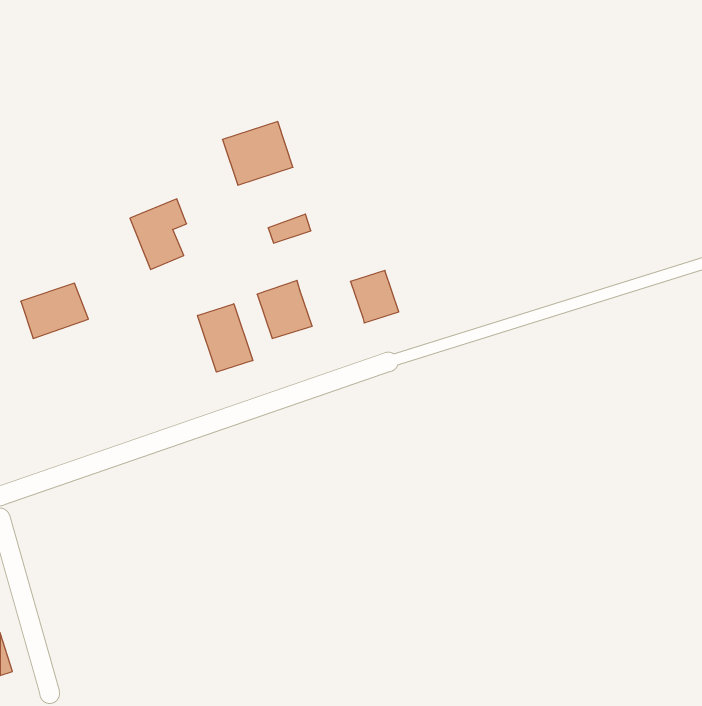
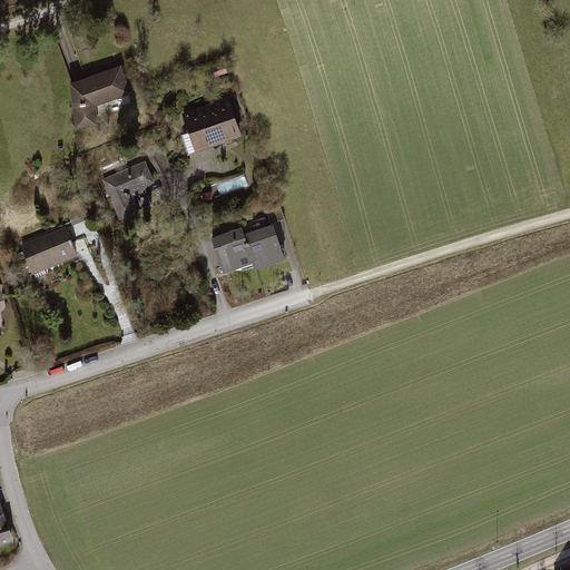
building: none -> [71,65,128,127]
building: [350,270,399,323] -> [245,225,284,267]
building: [198,304,253,372] -> none

